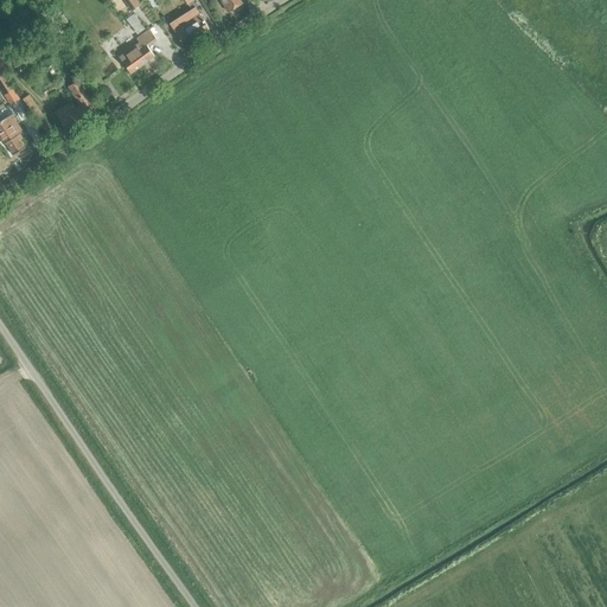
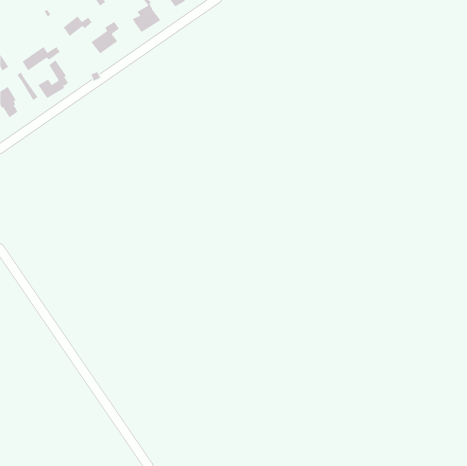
building: none -> [63,15,93,37]
building: none -> [22,46,60,71]

